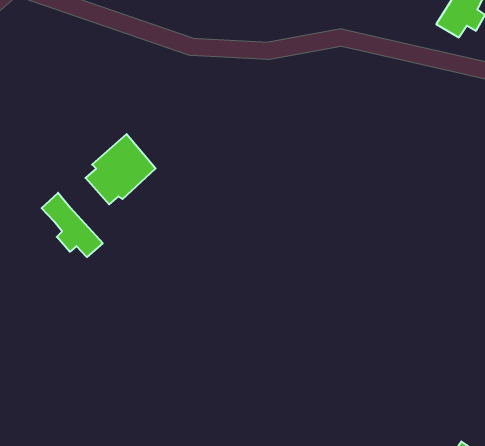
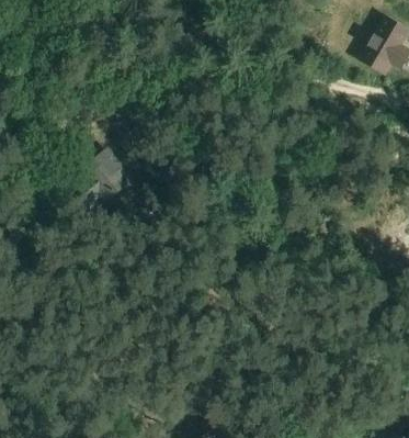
building: [42,193,103,257] -> none

